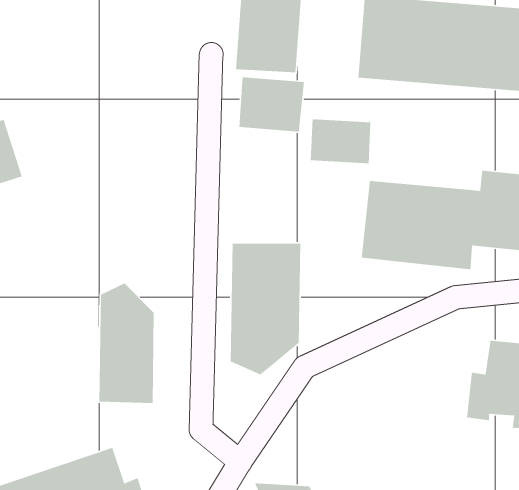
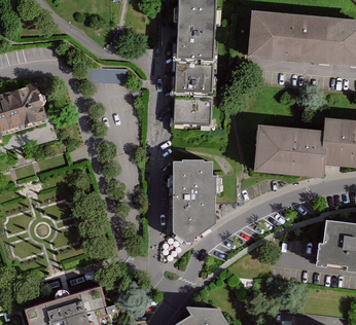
building: [310,118,371,164] -> [176,96,213,123]
building: [99,282,155,404] -> none

